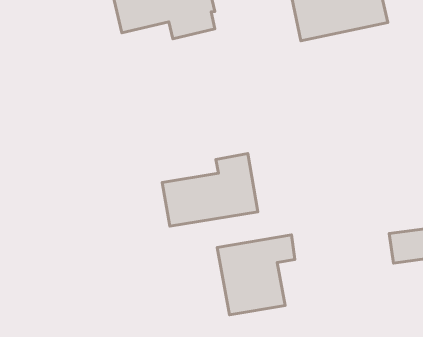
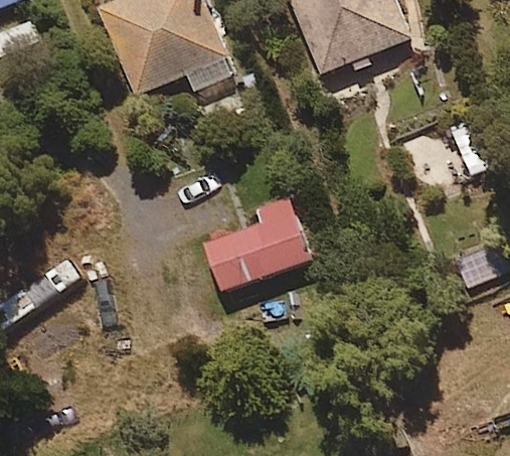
building: [217,235,295,315] -> none

